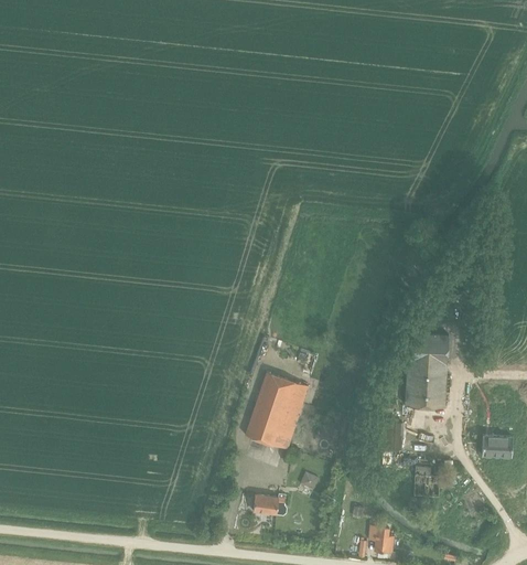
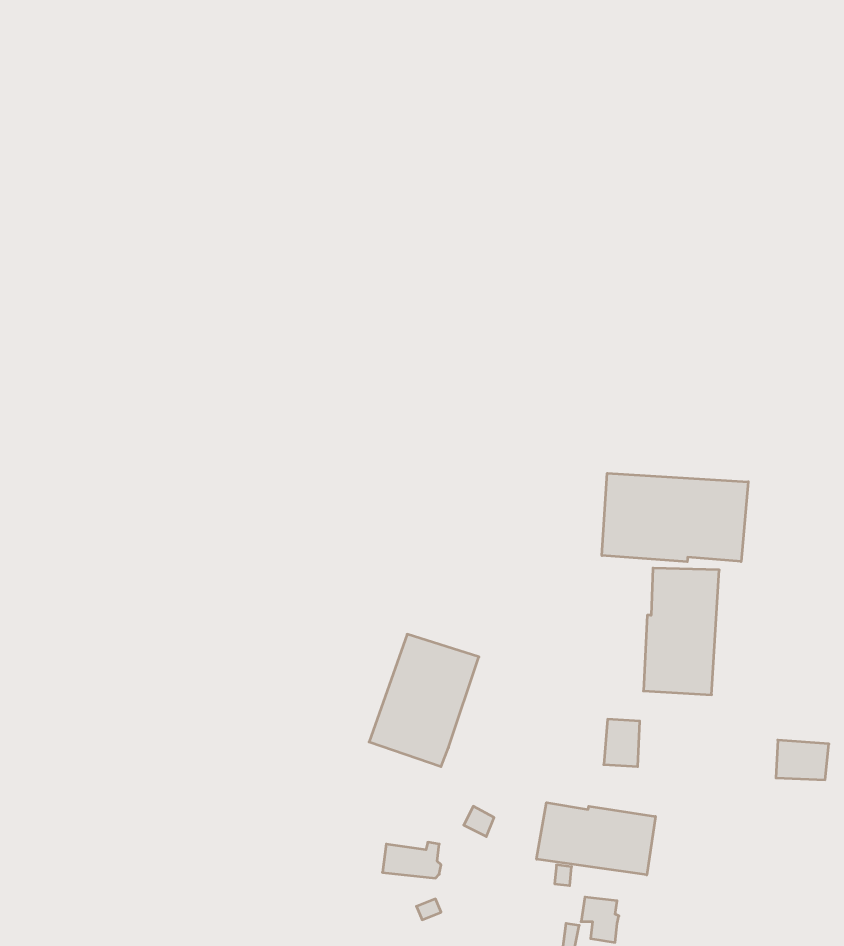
building: none -> [602,473,748,562]
building: none -> [537,803,655,875]

